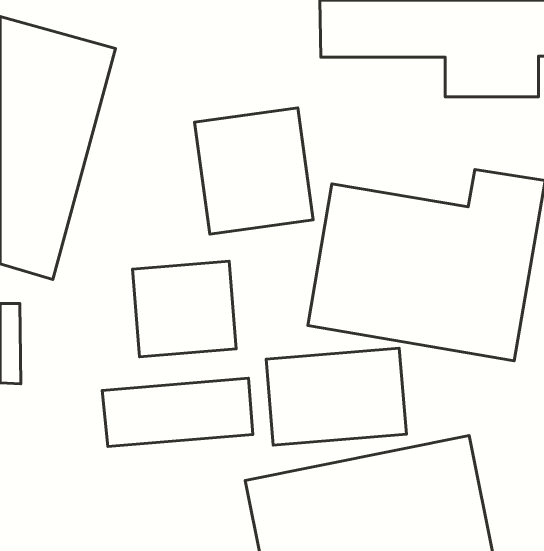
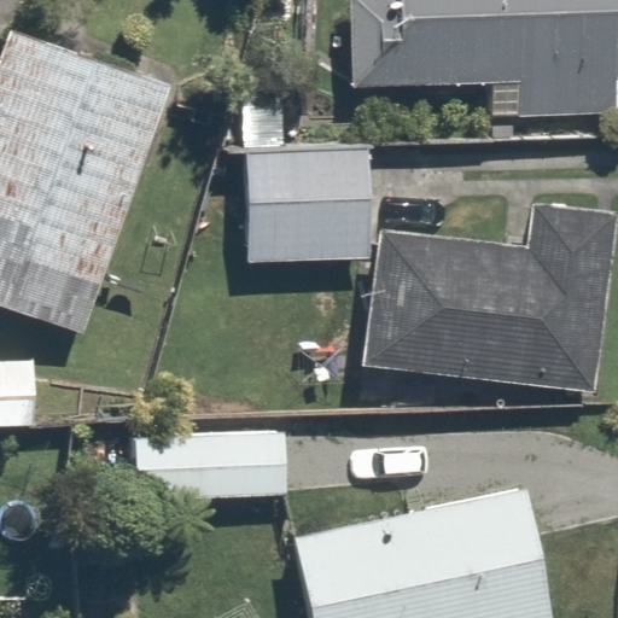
building: [132,261,236,357] -> none
building: [266,348,406,445] -> none

